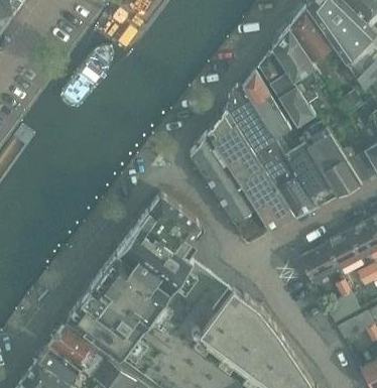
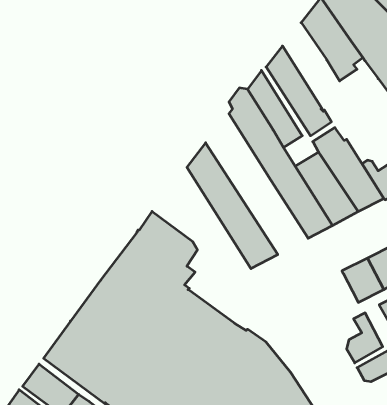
building: [273,29,327,104] -> none
building: [207,108,295,230] -> none
building: [299,246,338,283] -> none

